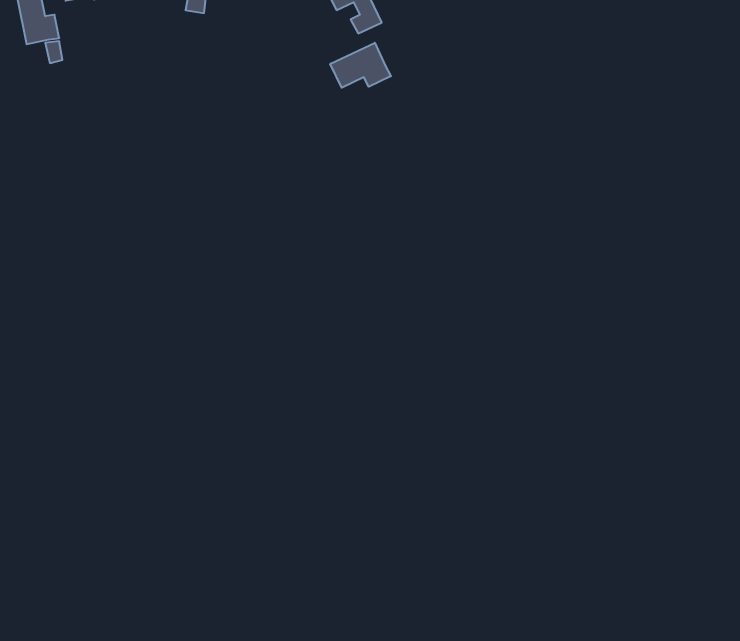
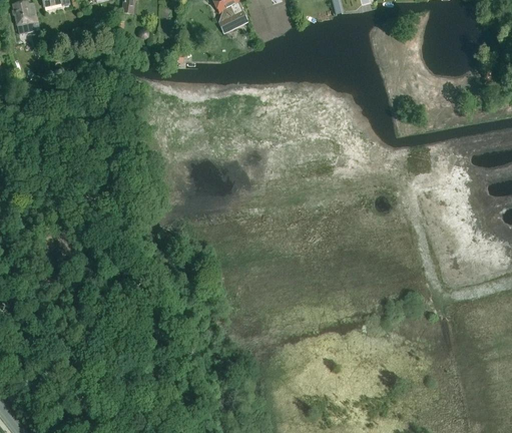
building: [330,43,391,88] -> none

